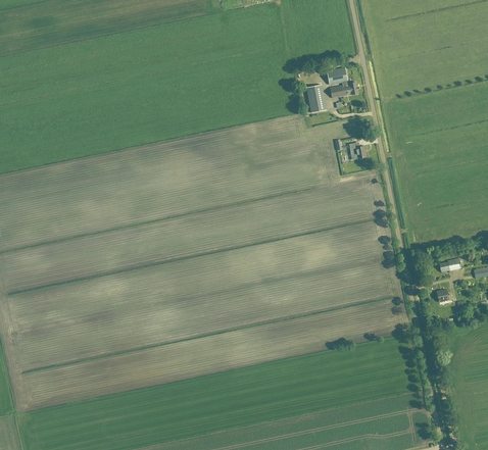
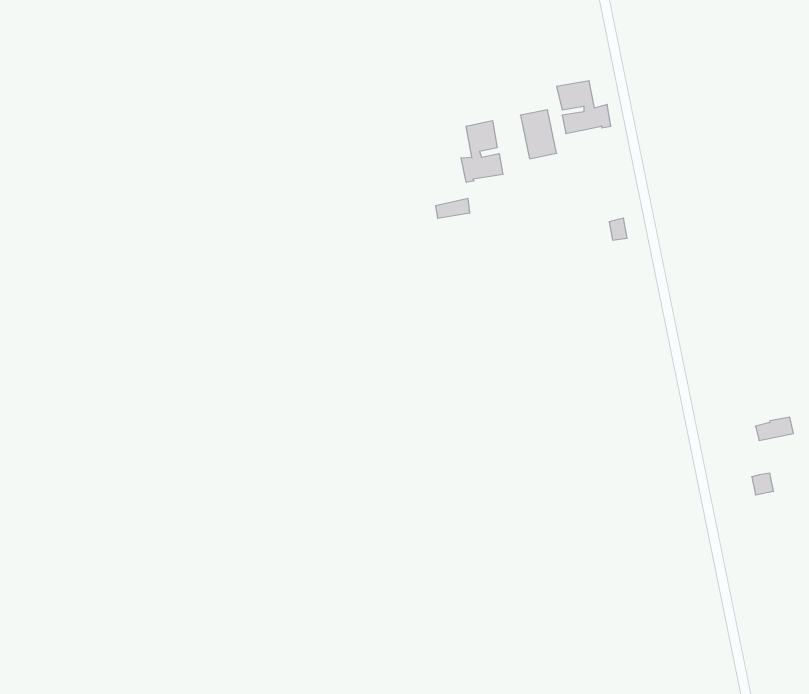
building: none -> [461,121,503,182]

